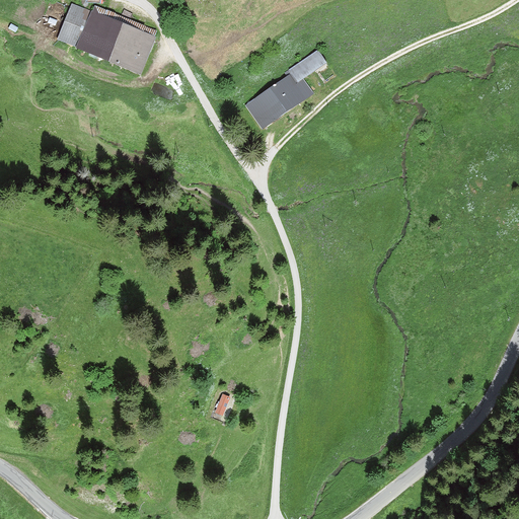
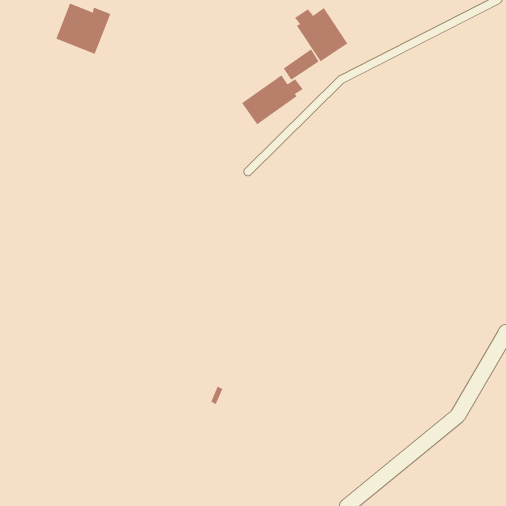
building: none -> [294,7,348,62]
building: [97,14,155,72] -> none

